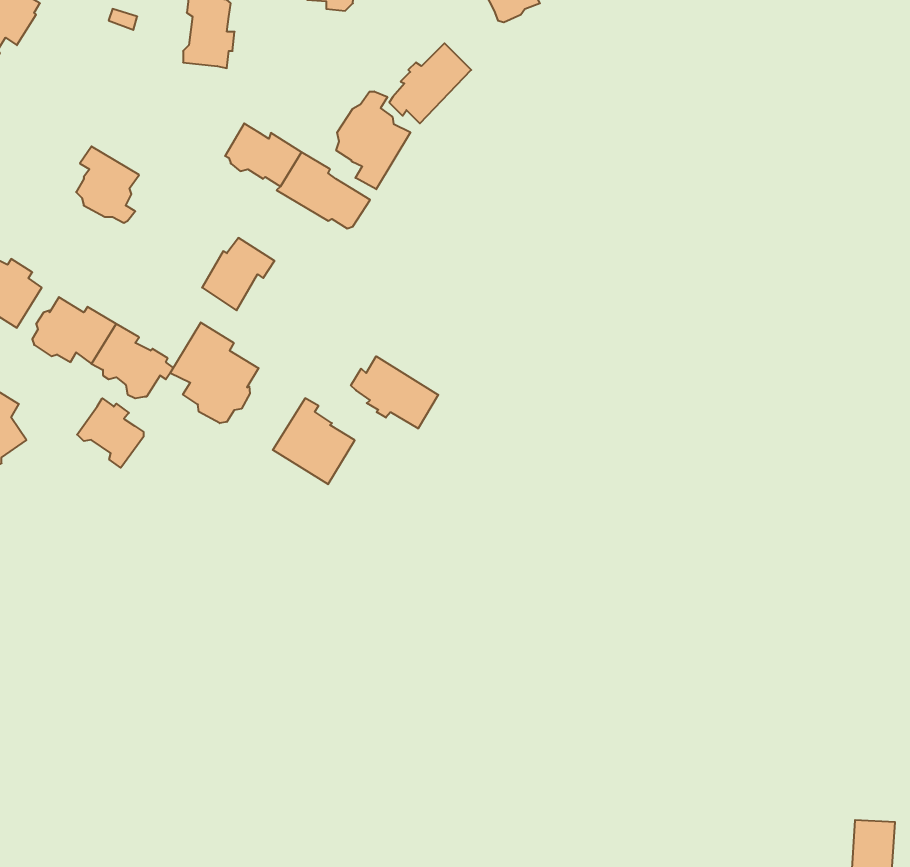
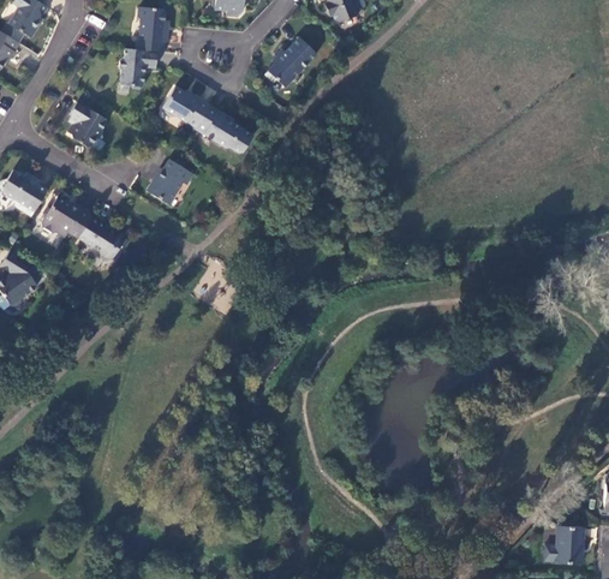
building: none -> [118,48,156,89]
building: [336,91,410,189] -> none
building: [170,322,259,423] -> none
building: [351,356,438,429] -> none
building: [77,398,144,468] -> none

